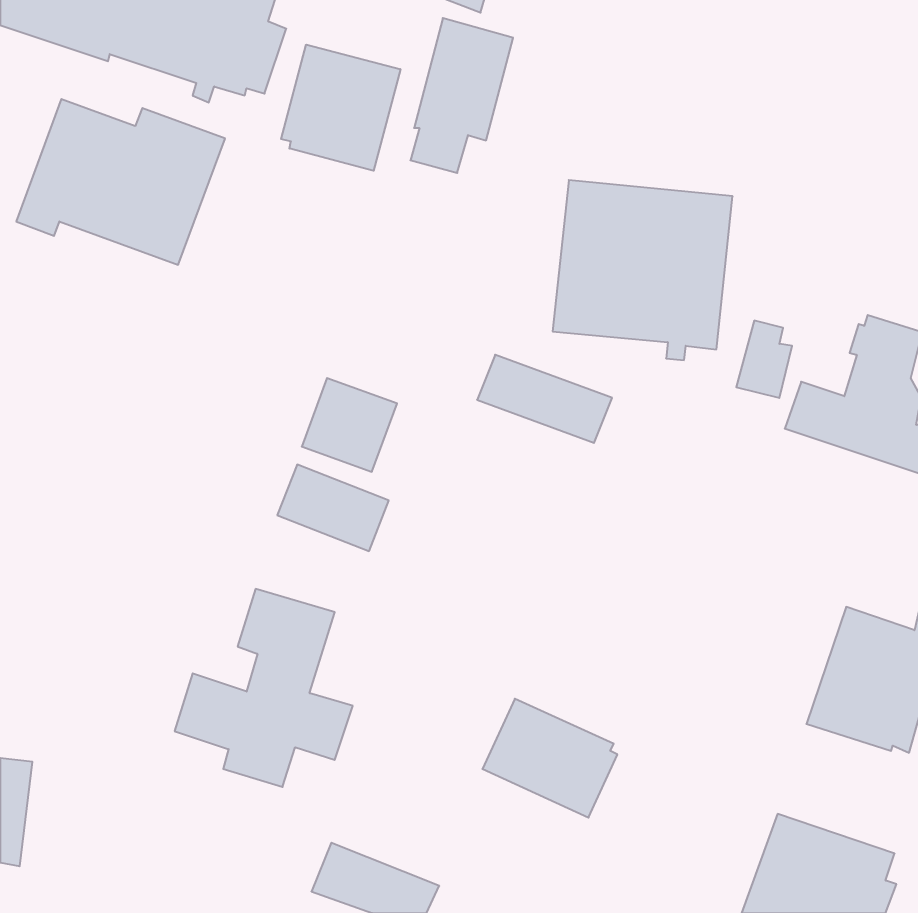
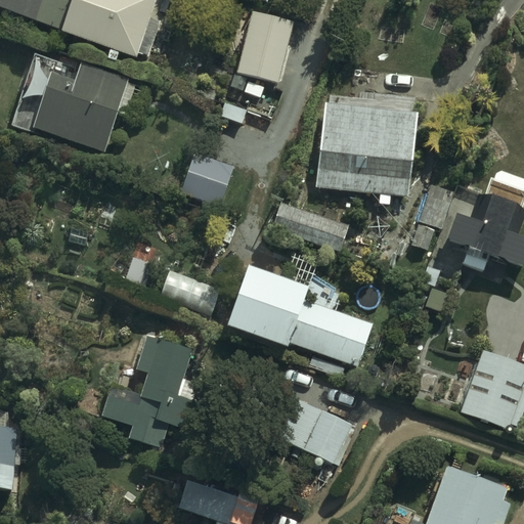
building: [281,45,400,171] -> none
building: [302,378,397,472] -> [182,151,236,205]
building: none -> [226,259,374,386]

